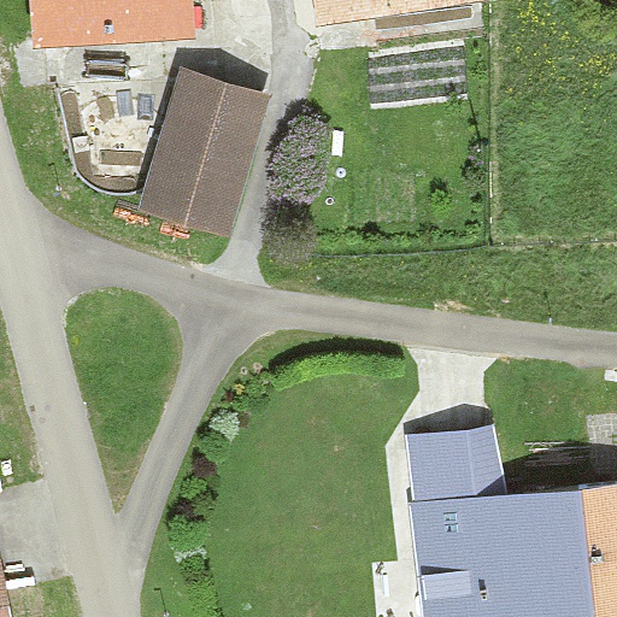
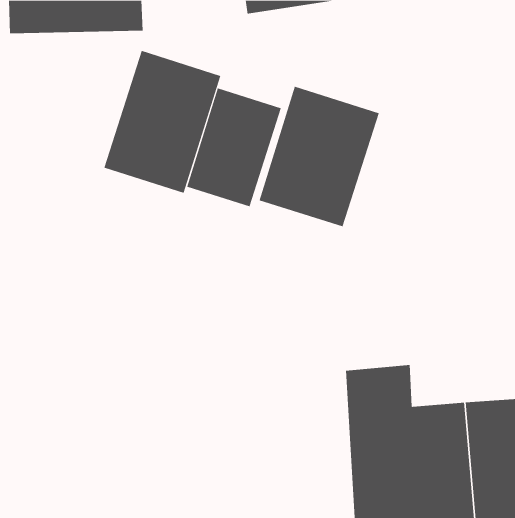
building: none -> [259,86,380,227]
building: none -> [186,88,281,207]

